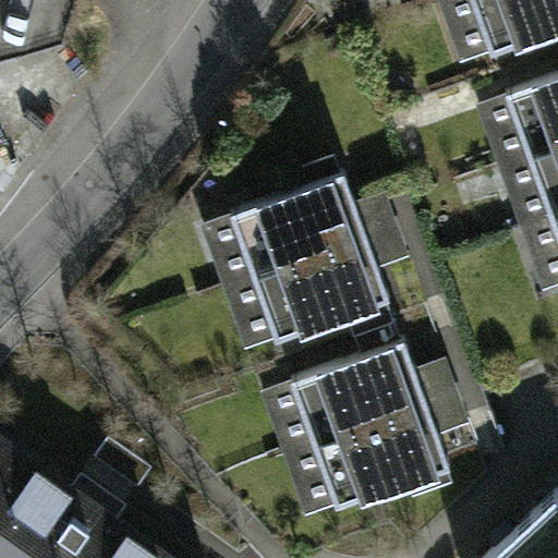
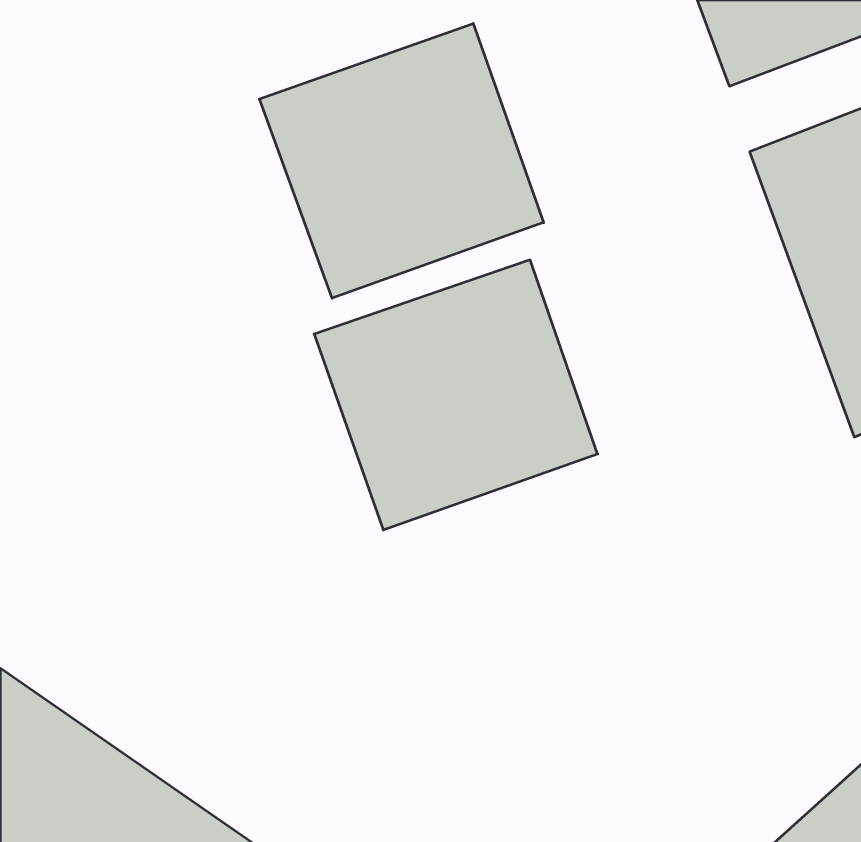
building: none -> [259,23,544,298]
building: [275,345,447,518] -> none

